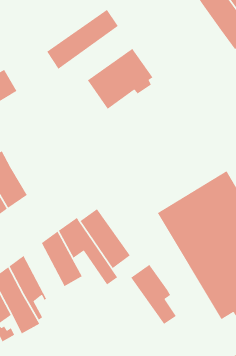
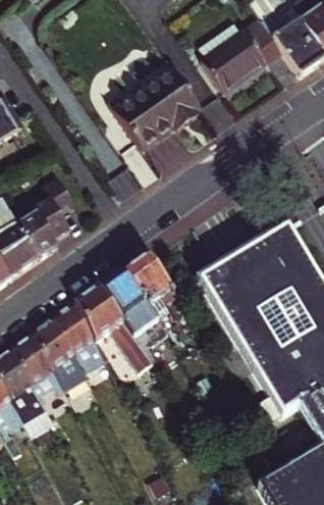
building: none -> [199,14,280,88]
building: [46,9,119,70] -> none
building: none -> [15,173,73,256]
building: none -> [32,316,84,388]
building: [130,264,177,325] -> [124,255,183,333]

